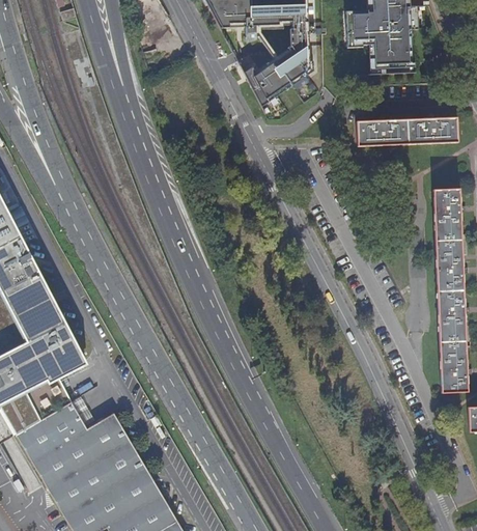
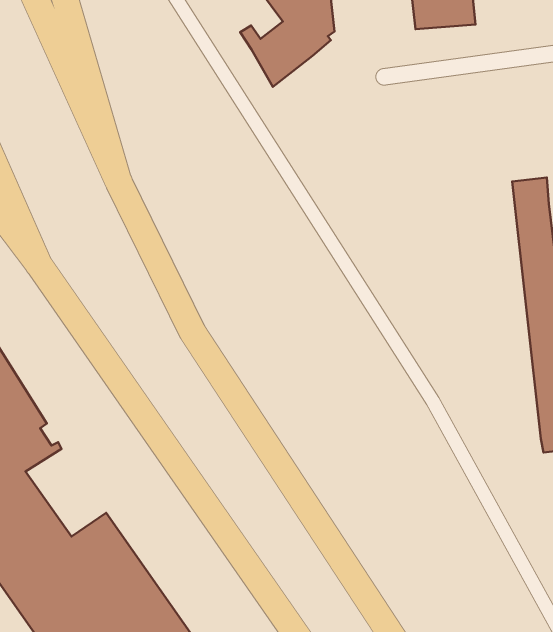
building: [356,117,456,146] -> none

